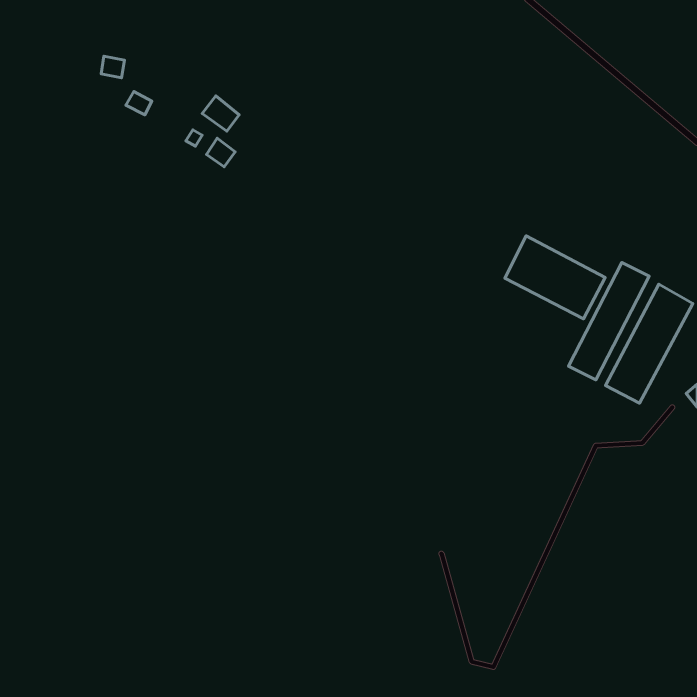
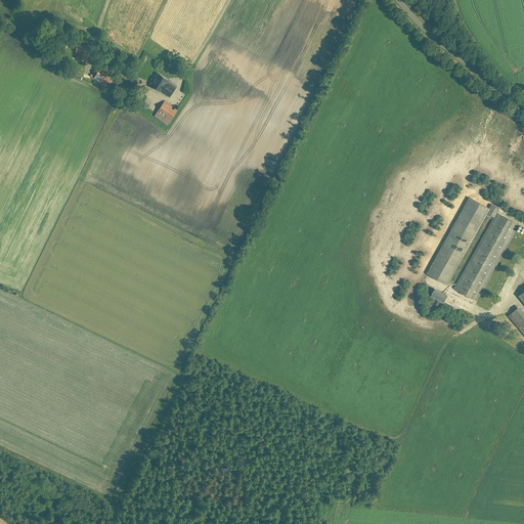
building: [505,236,605,319] -> none

